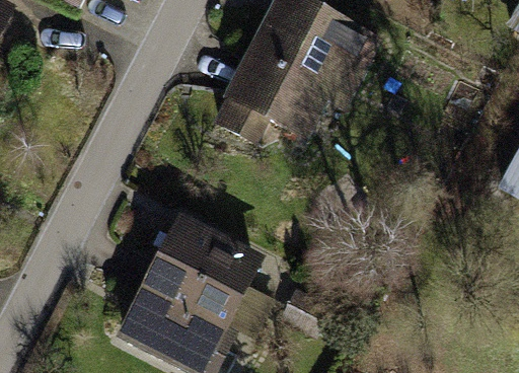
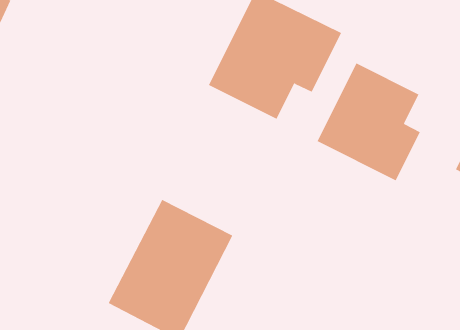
building: none -> [317,63,420,181]

